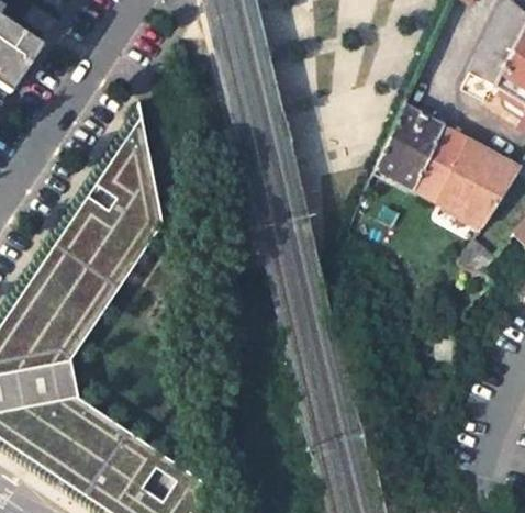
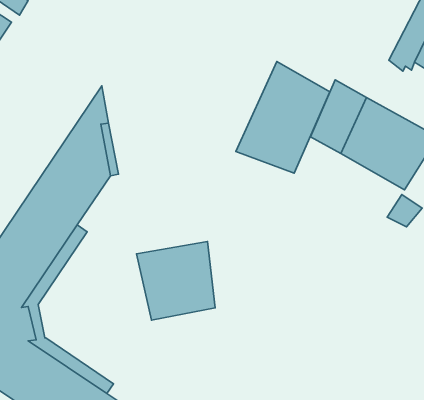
building: none -> [236,62,330,173]
building: none -> [137,241,215,320]

